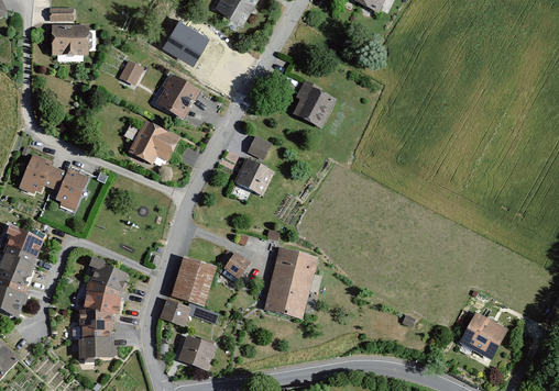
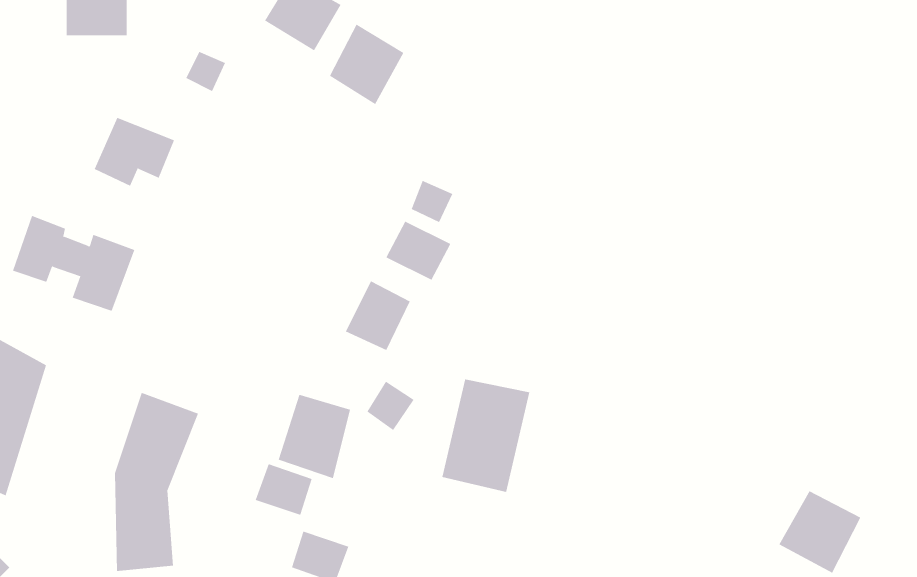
building: [154,75,197,121] -> [329,24,404,105]
building: [293,80,339,131] -> none
building: [130,124,176,164] -> [94,117,175,186]
building: none -> [345,280,410,351]

